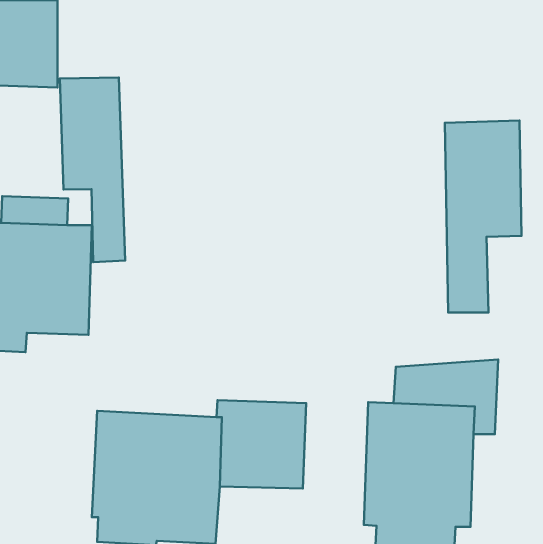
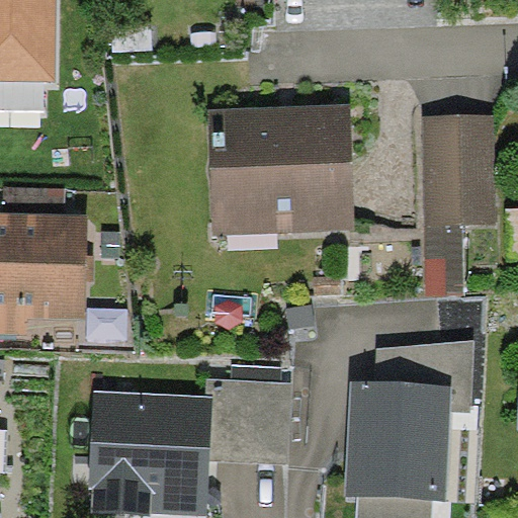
building: [60,77,125,262] -> none
building: none -> [206,104,354,238]

